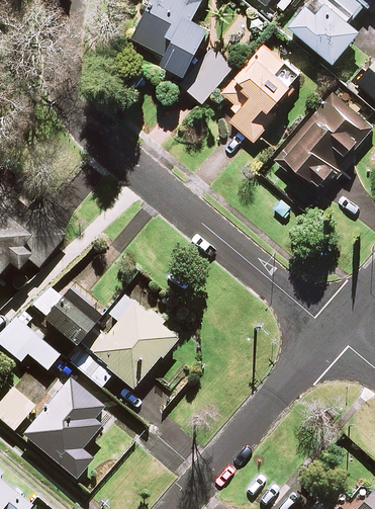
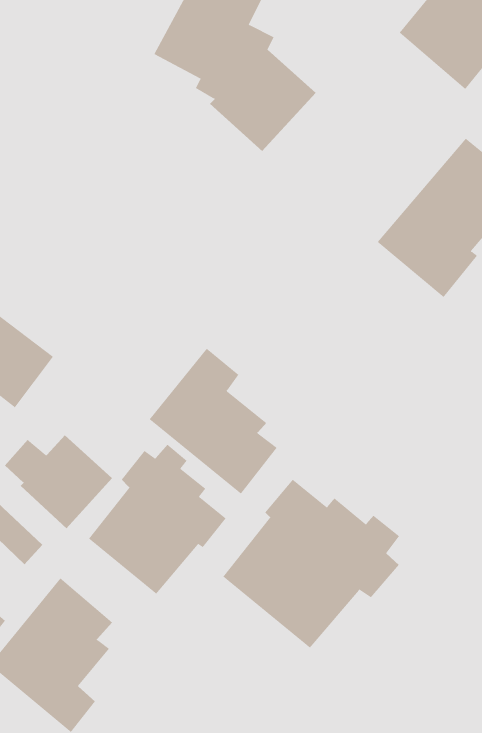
building: [224,45,299,140] -> none
building: none -> [149,348,278,495]
building: none -> [223,479,400,648]

